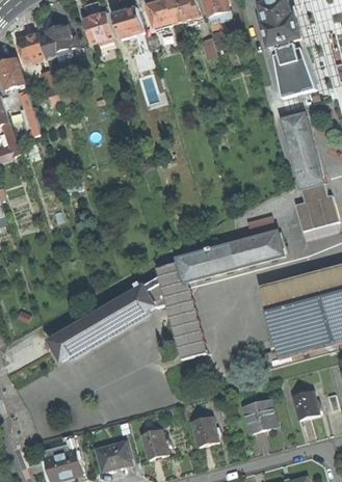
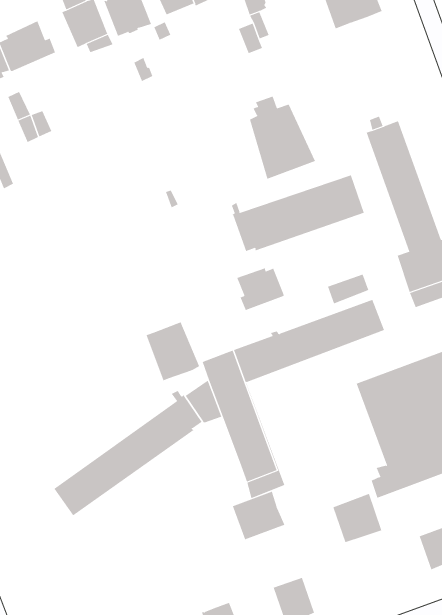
building: [272,41,315,97] -> [249,96,316,179]
building: none -> [231,174,365,252]
building: none -> [236,268,284,311]
building: none -> [146,322,200,381]
building: none -> [232,491,285,540]
building: [244,399,277,431] -> [332,493,382,543]

